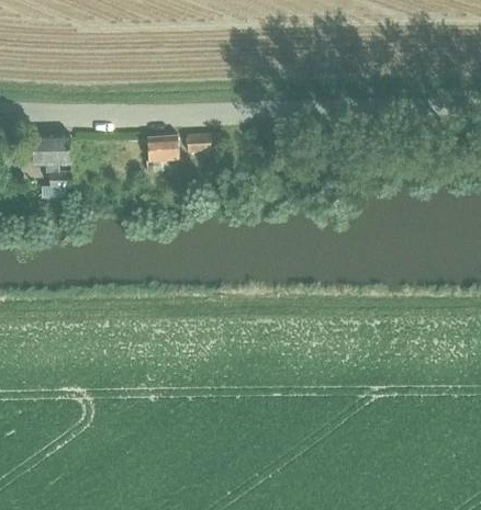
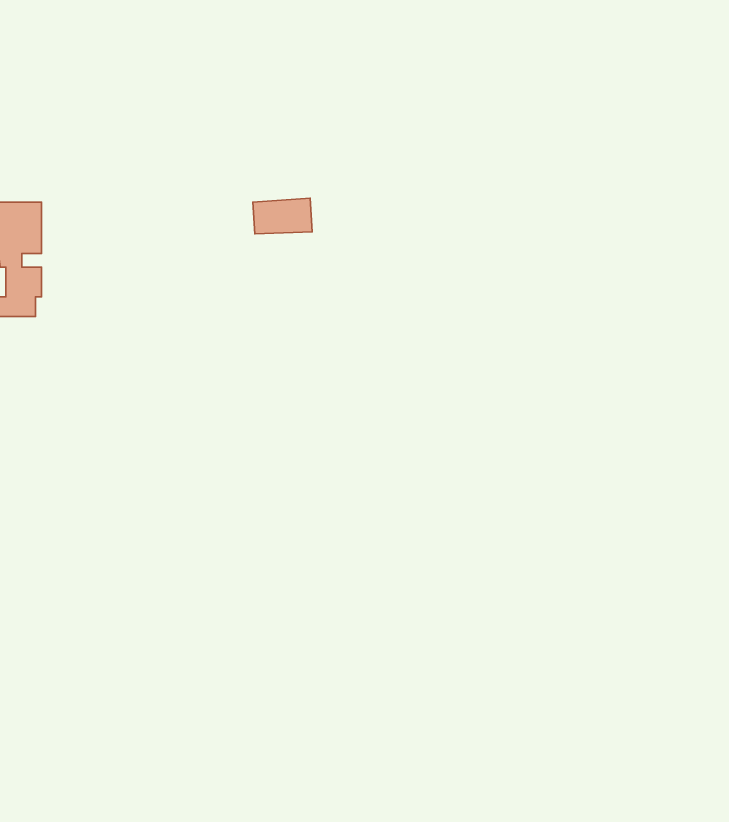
building: [144,134,177,171] -> none

